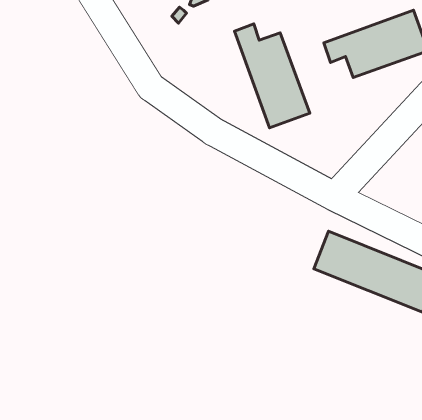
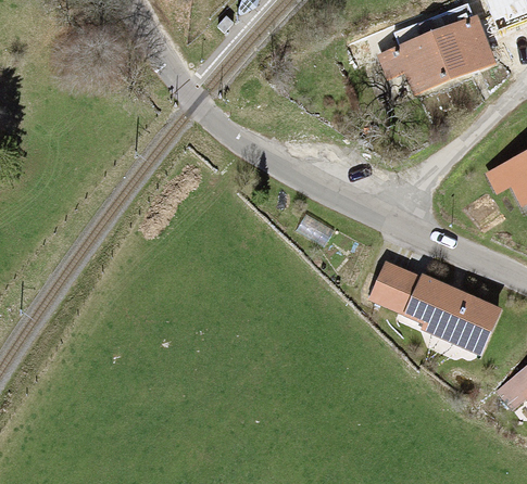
building: [234,24,310,128] -> none

